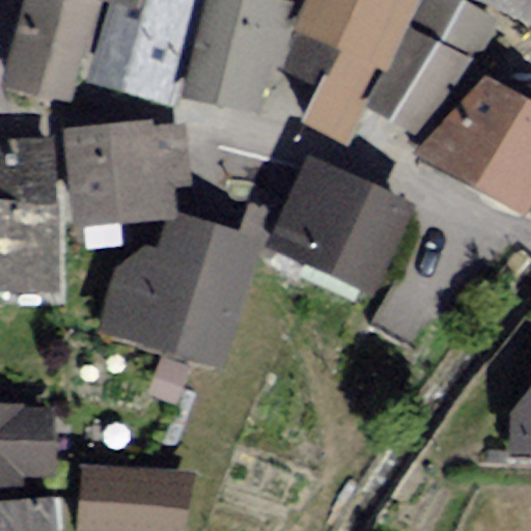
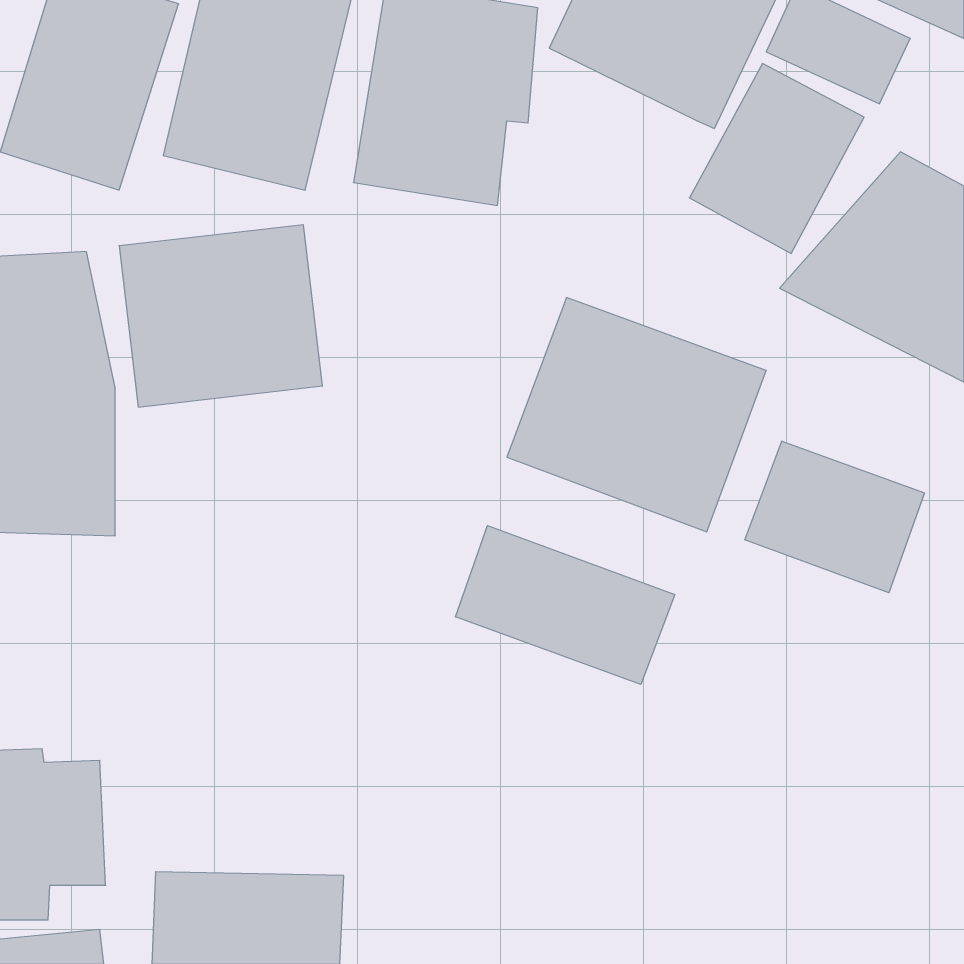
building: [284,29,376,135] -> none
building: [101,213,263,363] -> none
building: none -> [745,441,925,593]
building: none -> [455,526,675,684]

